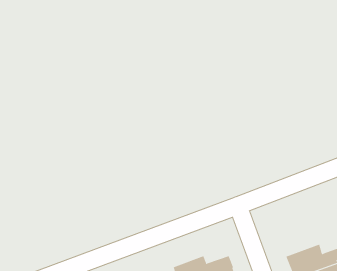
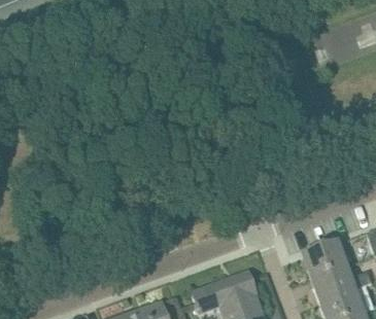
building: none -> [303,240,347,278]

